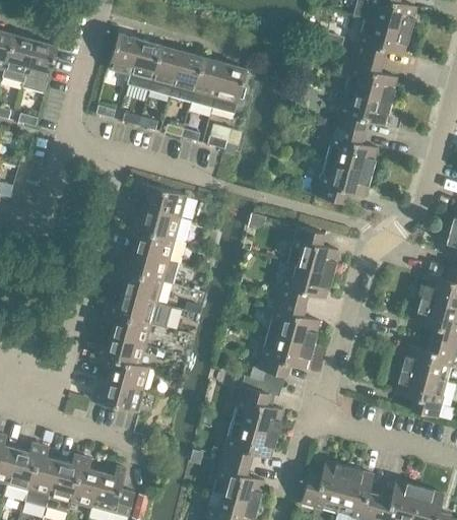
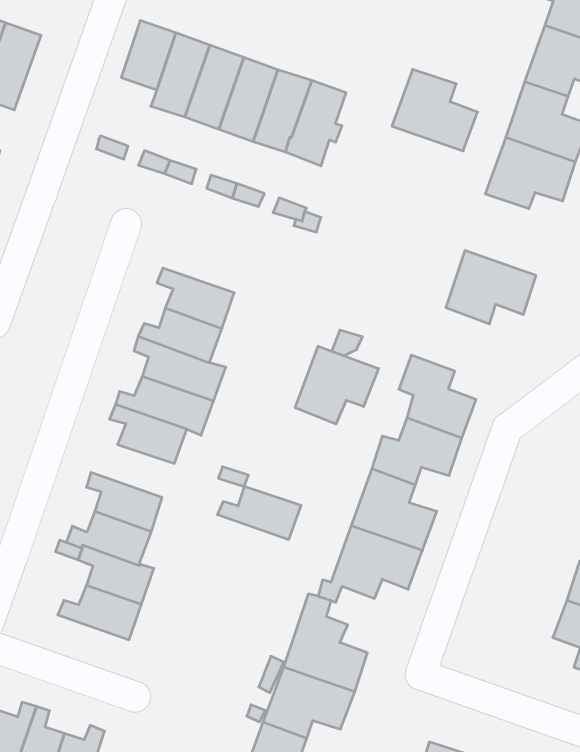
building: [327,125,379,173] -> [392,69,478,151]
building: none -> [295,346,379,424]
building: [108,294,158,324] -> [217,486,301,539]

